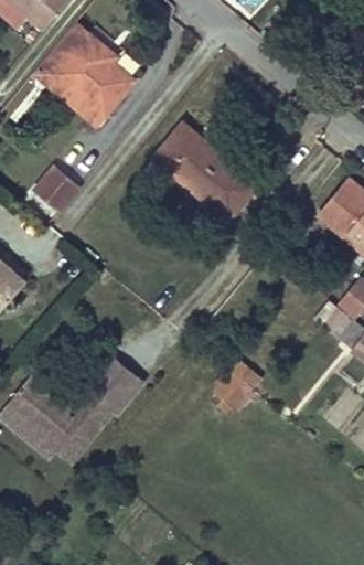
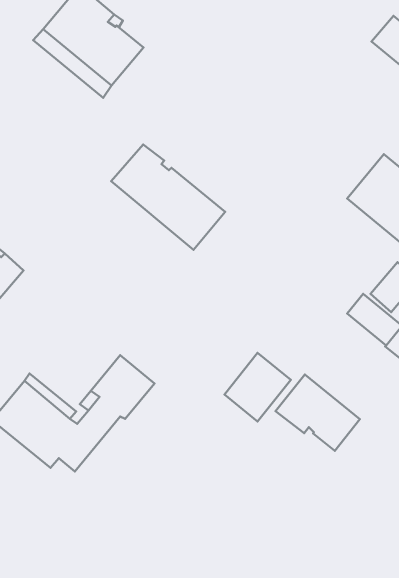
building: [154,125,257,220] -> [111,145,225,250]
building: [33,167,81,214] -> none
building: none -> [276,375,360,451]

